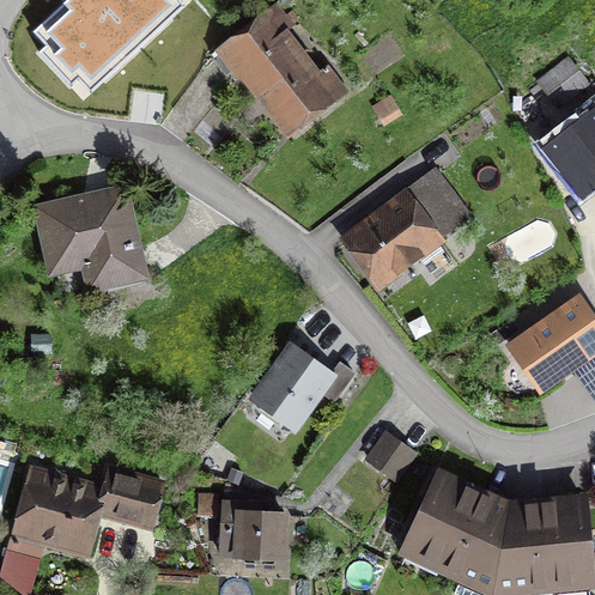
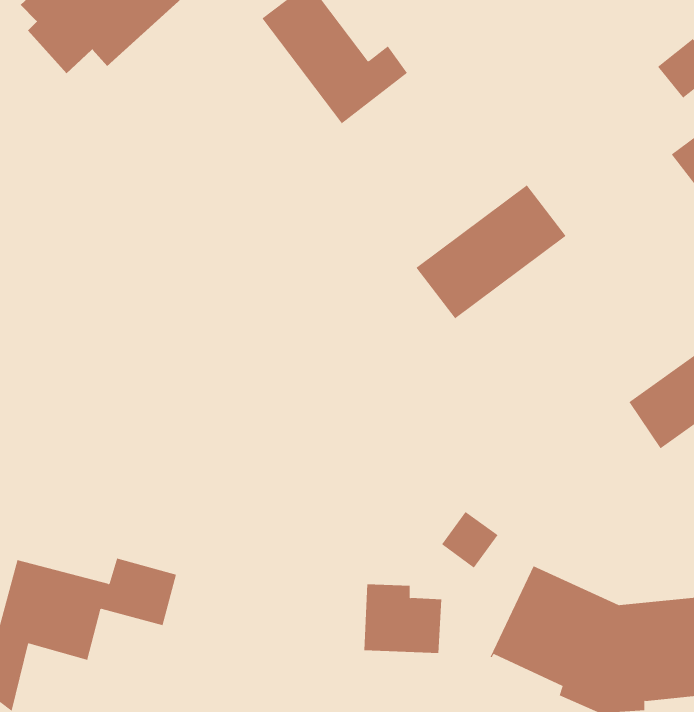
building: [37,190,141,283] -> none
building: [254,348,329,426] -> none
building: [219,503,281,558] -> [364,584,442,653]

